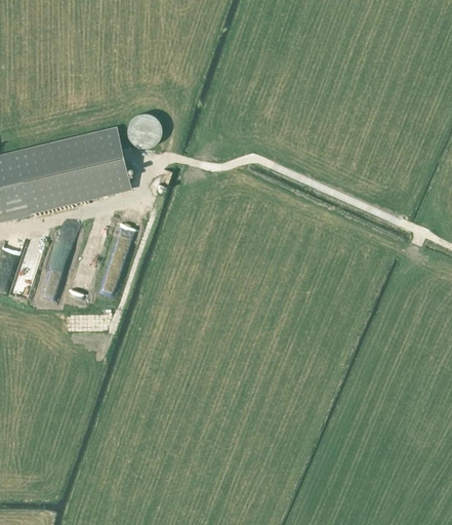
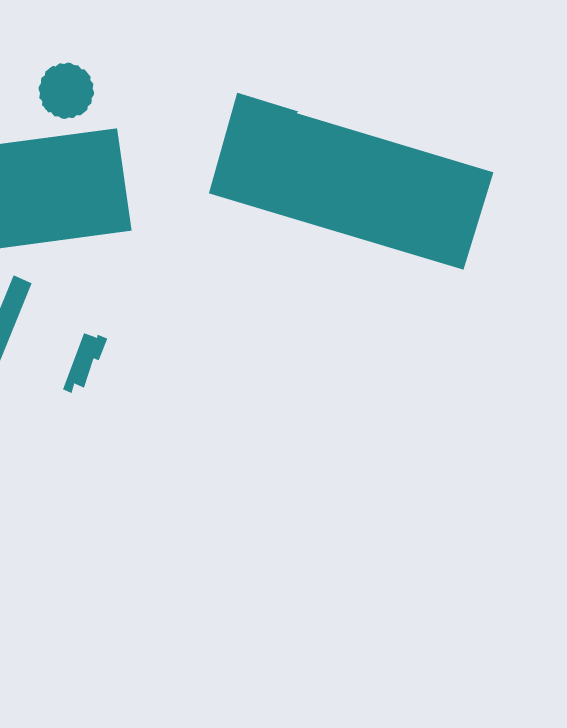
building: none -> [208,92,494,270]
building: [127,113,162,148] -> [38,62,95,119]

